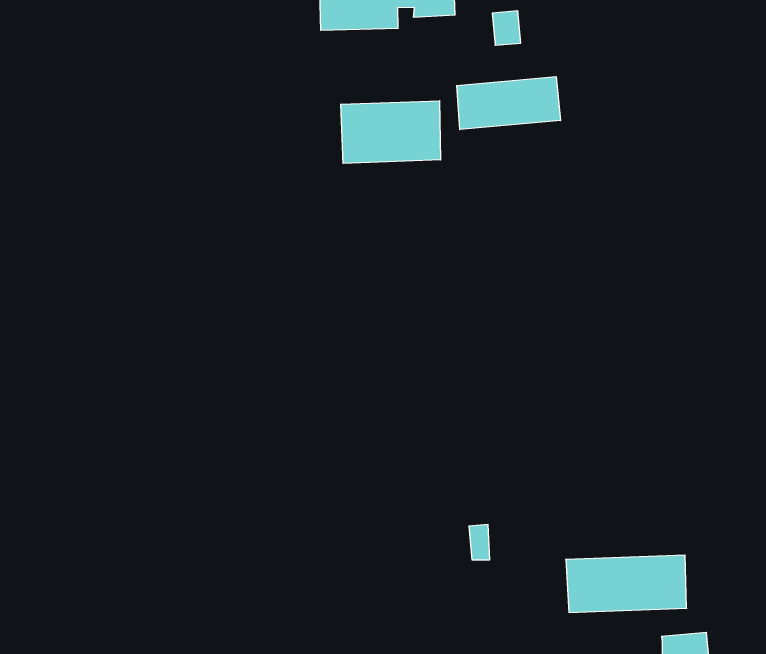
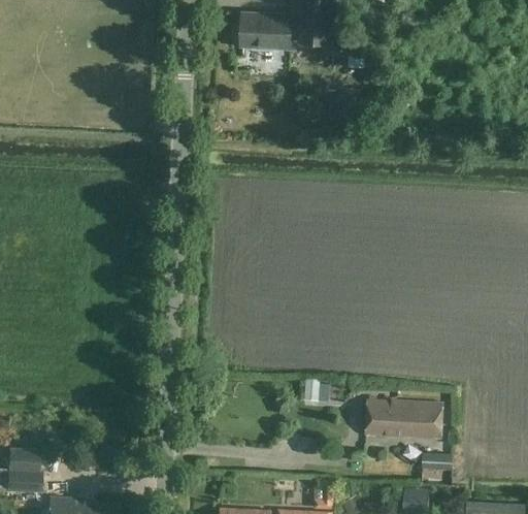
building: [457,77,560,130] -> none
building: [341,101,441,163] -> none

